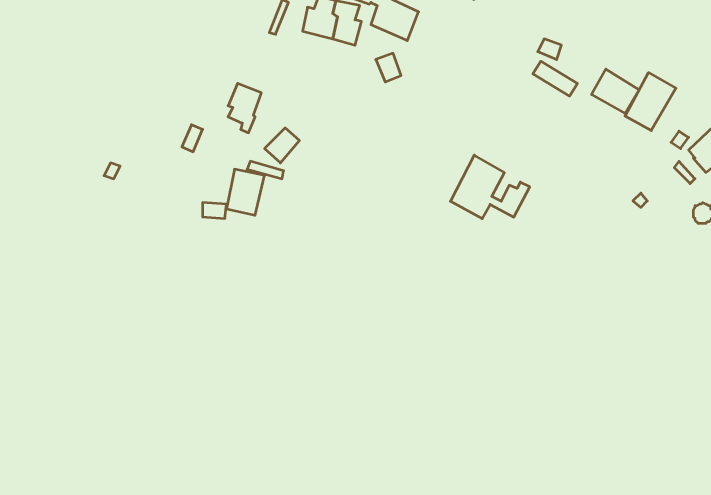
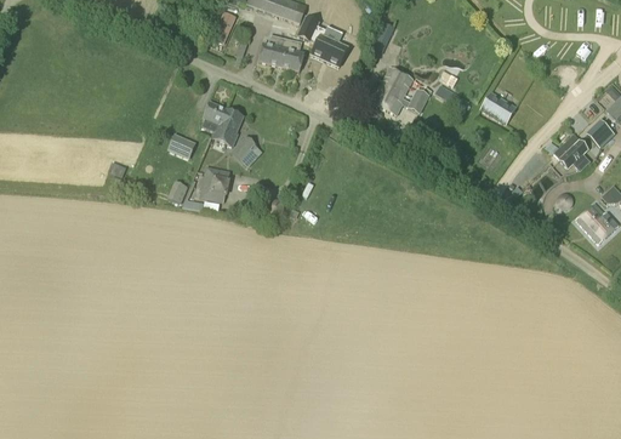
building: [625,73,676,131] -> none
building: none -> [218,109,244,147]
building: [450,155,530,219] -> [372,67,433,115]

